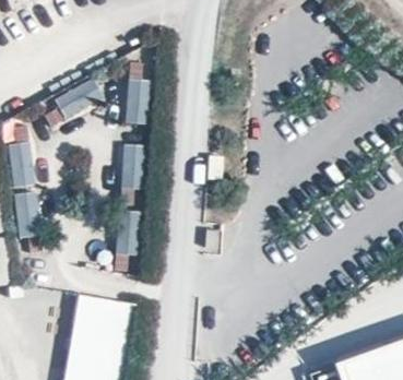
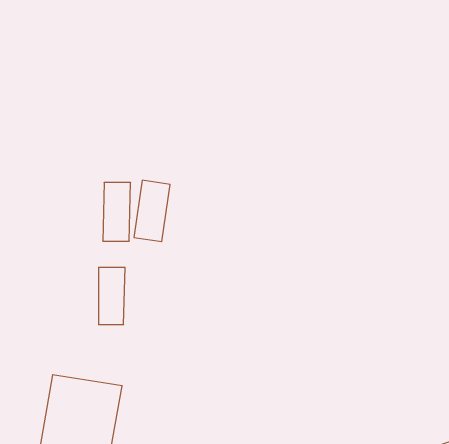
building: [120,78,149,126] -> [134,180,170,242]
building: [54,80,98,120] -> none

